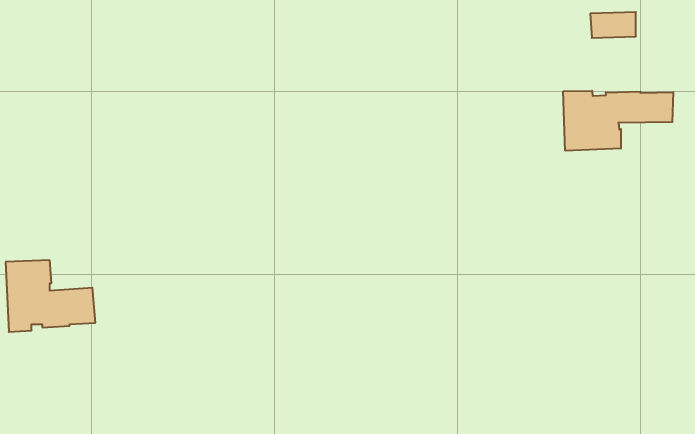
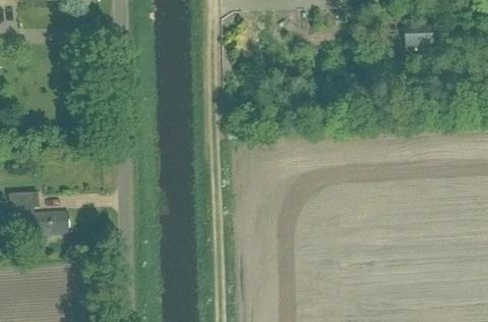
building: [563,91,673,151] -> none

